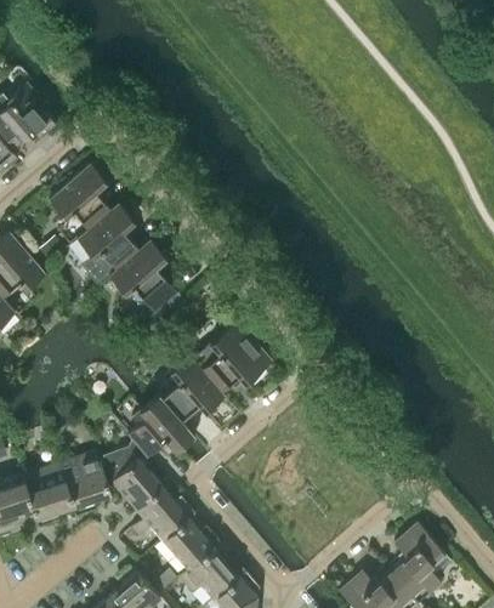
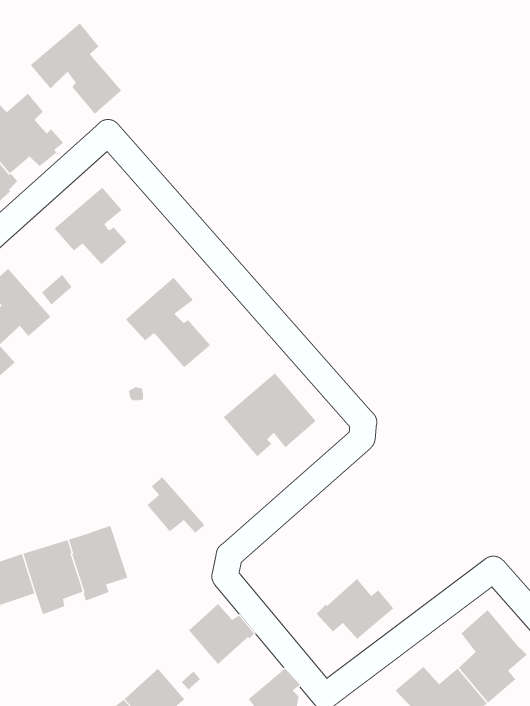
building: none -> [30,22,122,114]
building: [76,203,138,284] -> none
building: [157,354,223,436] -> none
building: [106,458,163,511] -> none
building: [130,495,194,540] -> none
building: [177,546,244,598] -> [316,578,394,639]

